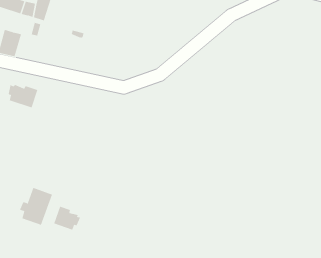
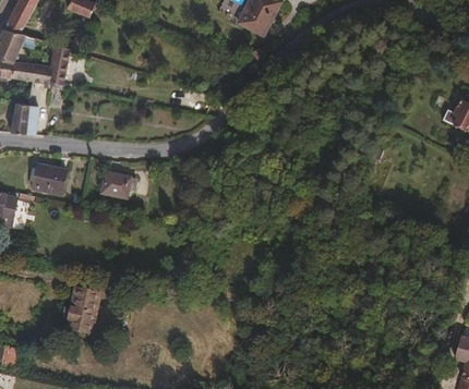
building: none -> [101,172,135,197]
building: [54,206,81,231] -> none

